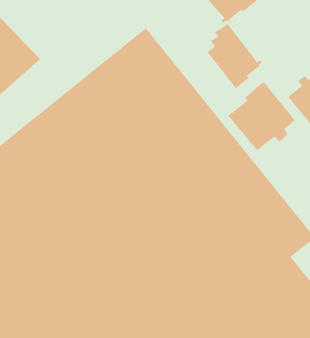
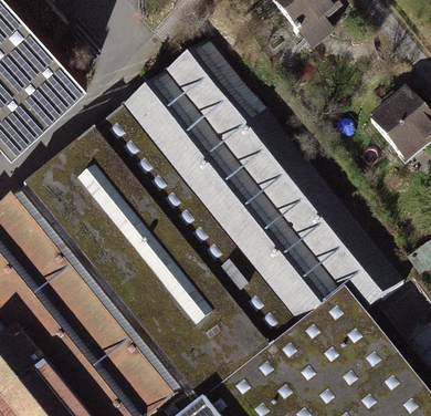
building: [207,23,263,89] -> none
building: [228,81,296,151] -> none

